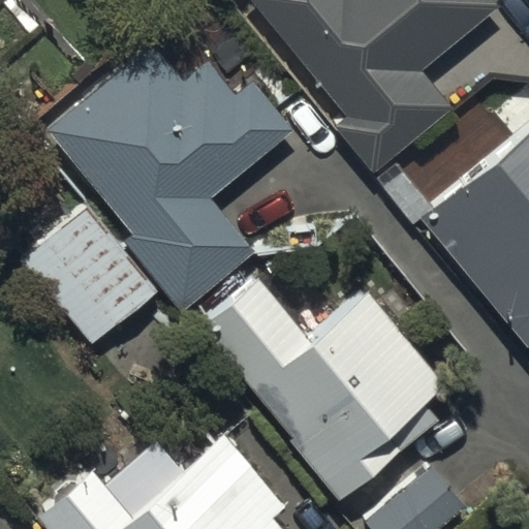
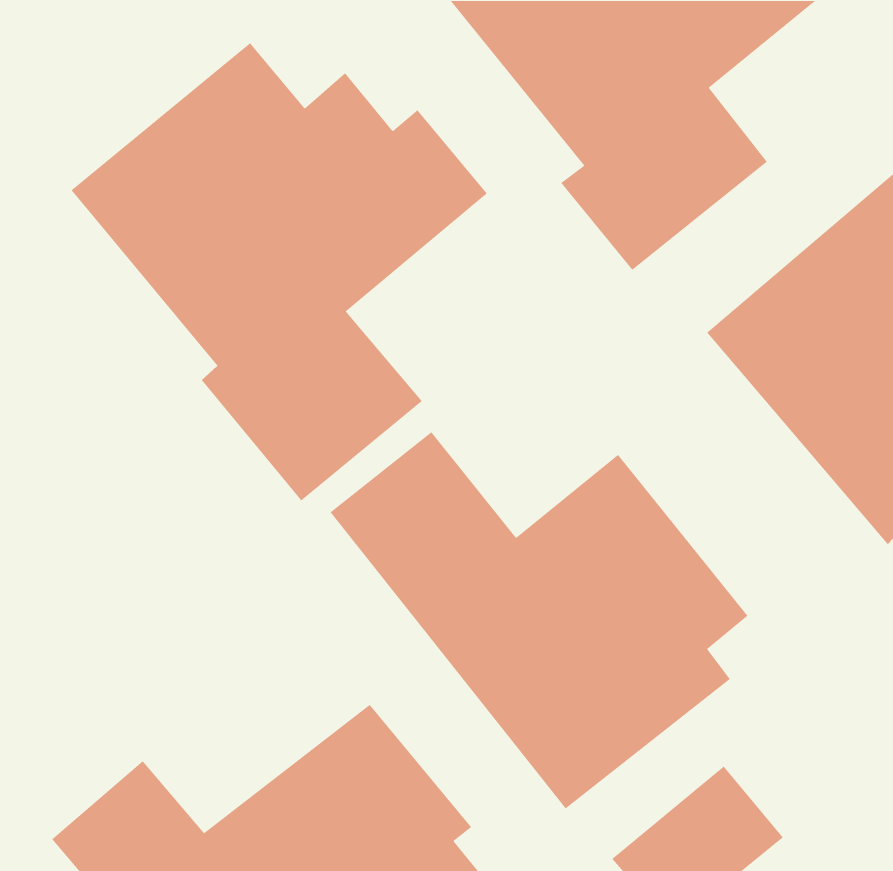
building: [19,204,155,343] -> none

